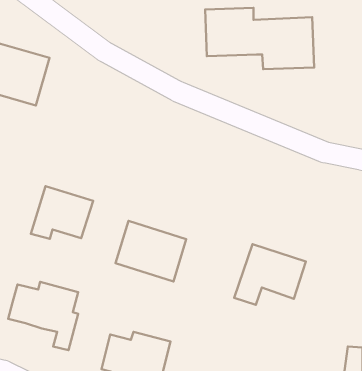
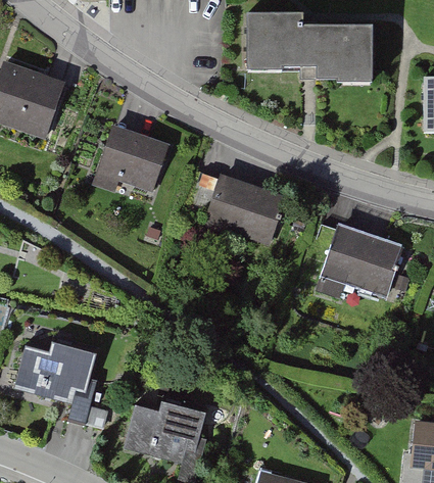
building: [31,186,93,239] -> [94,126,167,188]
building: [115,221,186,281] -> [203,175,287,246]
building: [234,244,306,305] -> [315,226,399,297]

